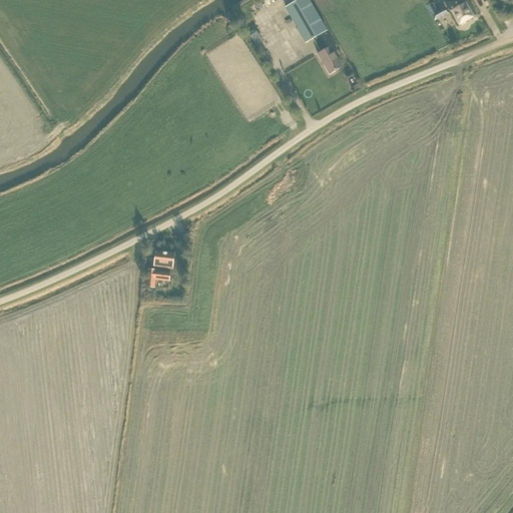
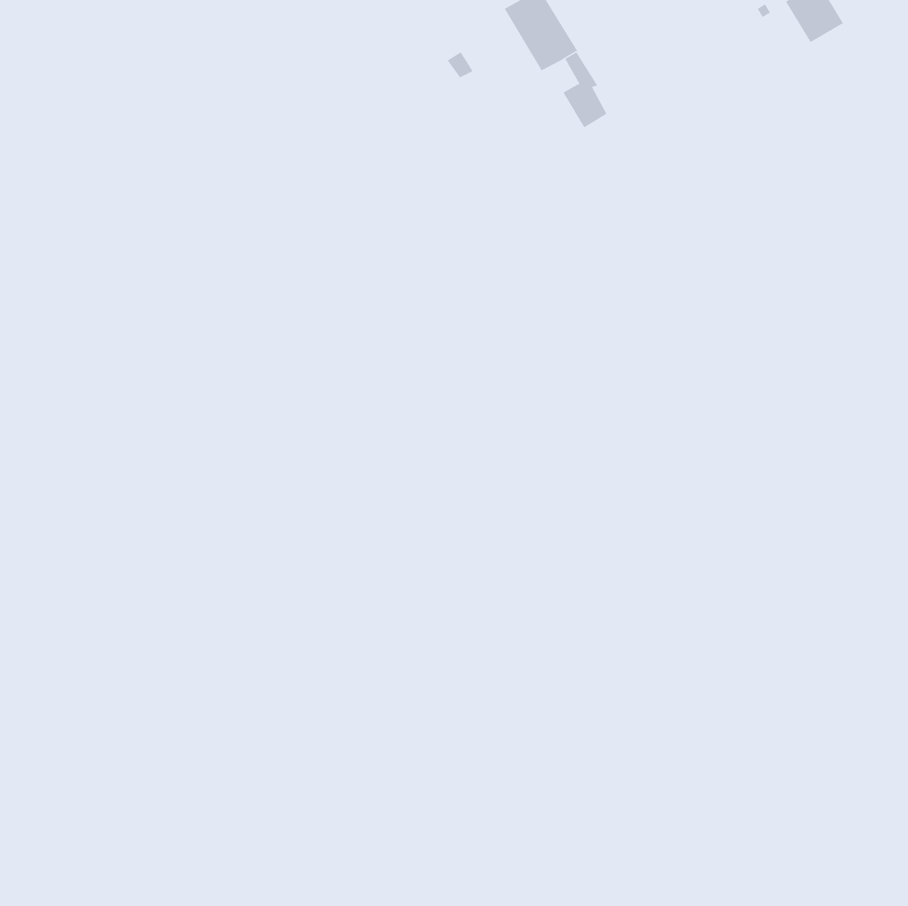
building: [145,249,173,286] -> none

